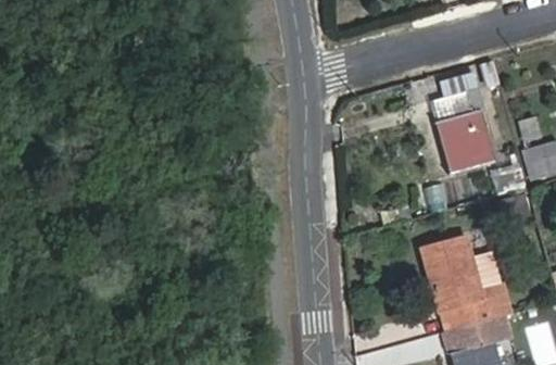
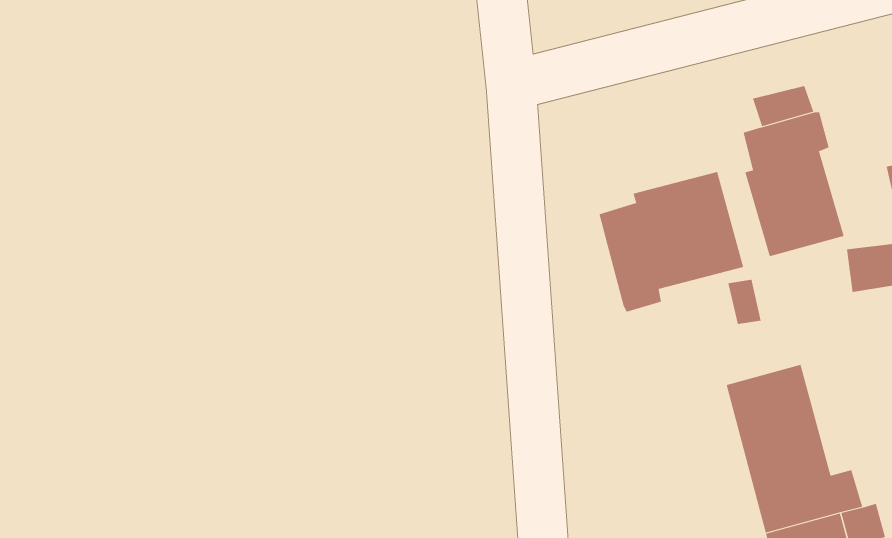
building: none -> [599,171,744,312]

